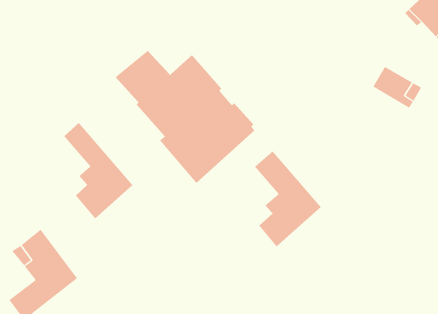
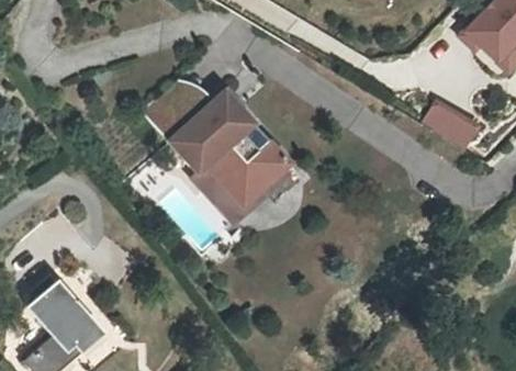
building: [64,122,133,219] -> none
building: [254,150,321,247] -> none

